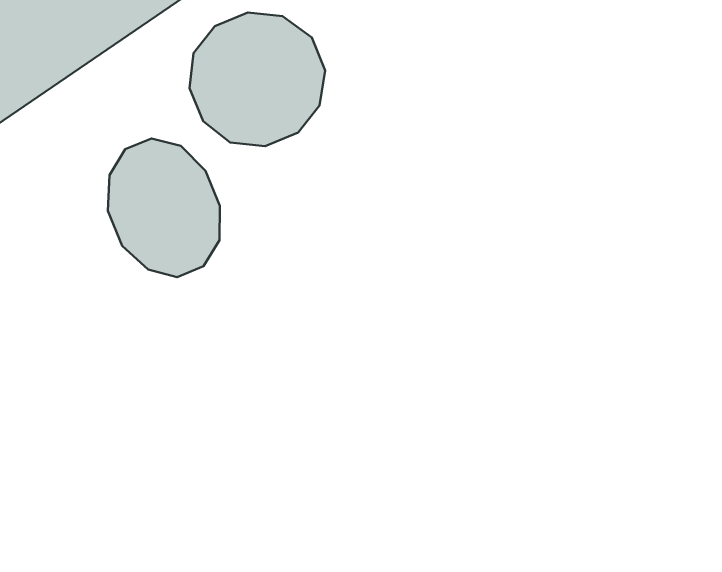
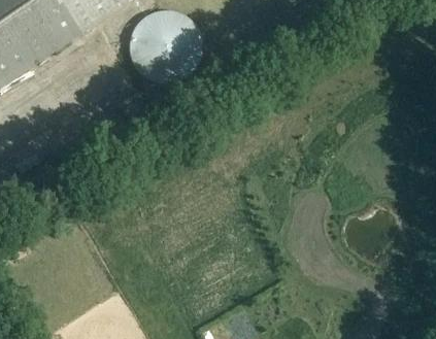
building: [108,138,220,277] -> none

